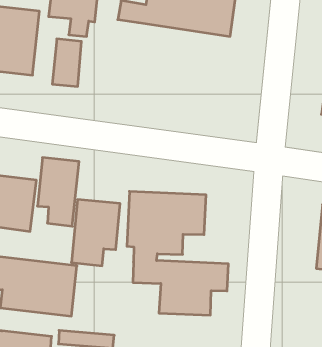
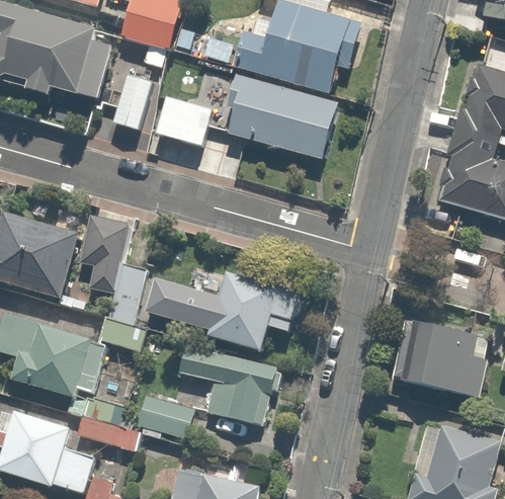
building: none -> [220,72,342,160]
building: none -> [158,99,215,147]
building: none -> [139,400,197,440]

